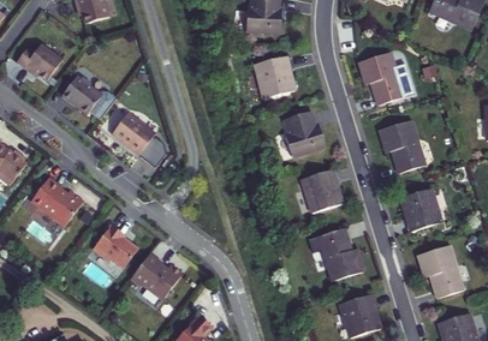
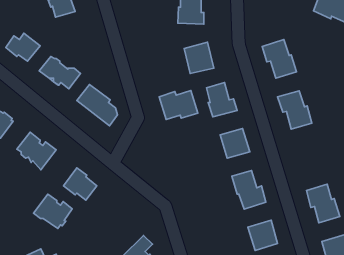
building: none -> [159,90,198,120]
building: [403,190,441,231] -> none
building: [131,253,183,299] -> [33,194,72,228]

